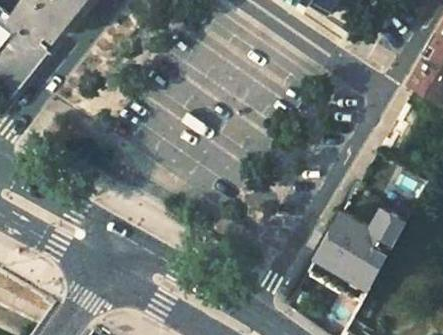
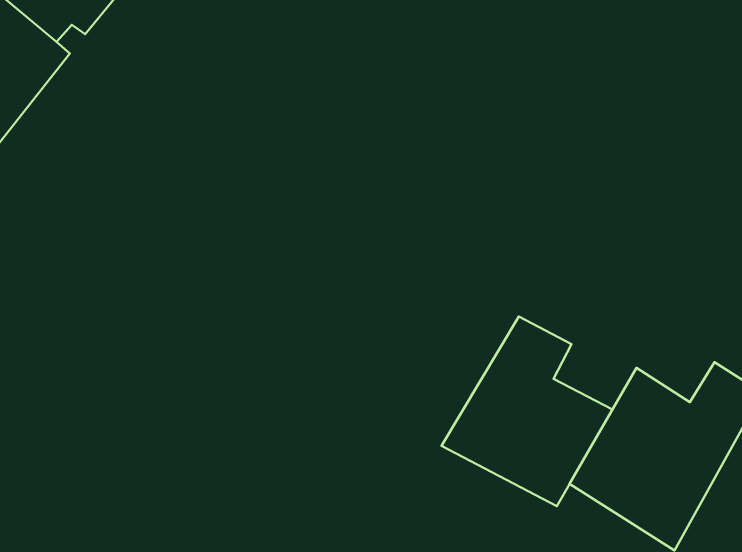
building: none -> [442,317,612,506]

